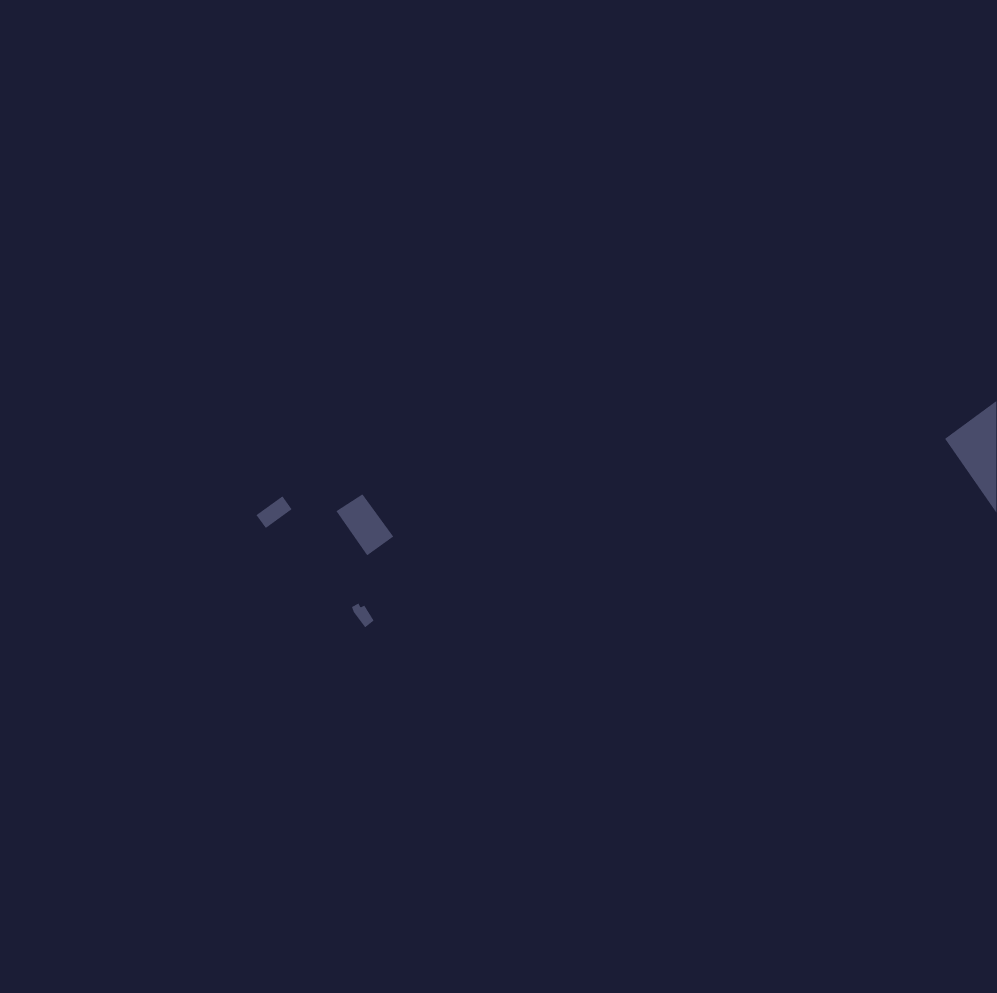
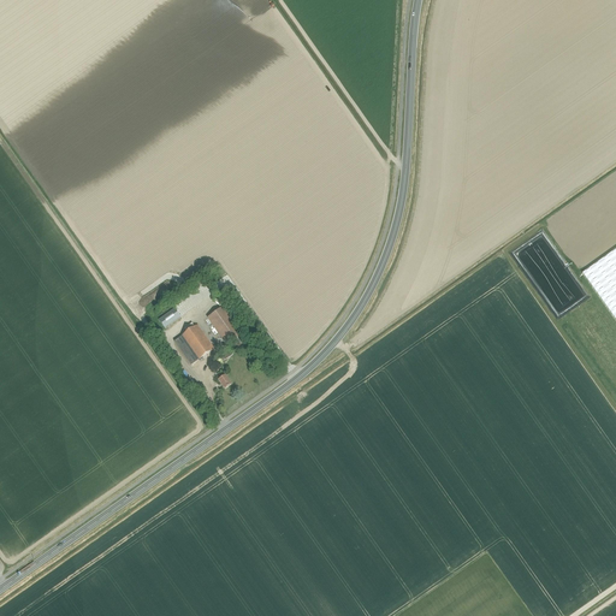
building: none -> [174,322,214,363]

